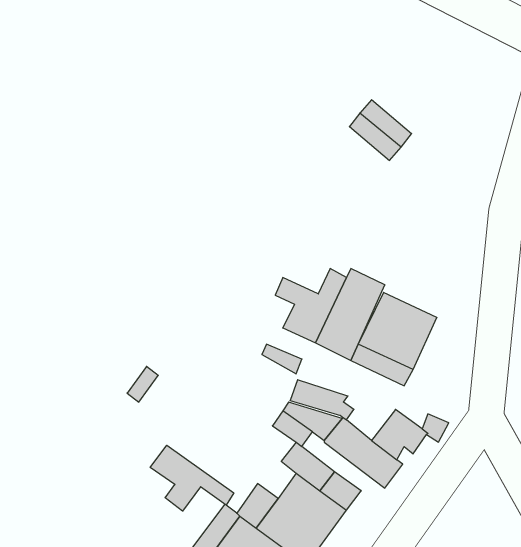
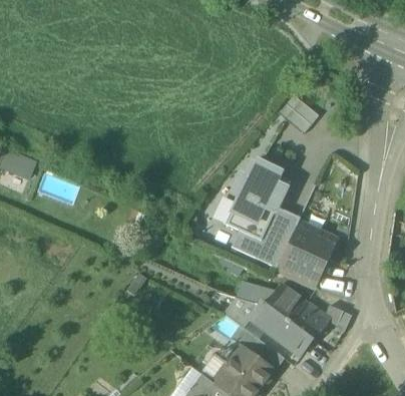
building: none -> [232,160,290,224]
building: none -> [273,283,308,323]
building: [150,445,234,511] -> none

